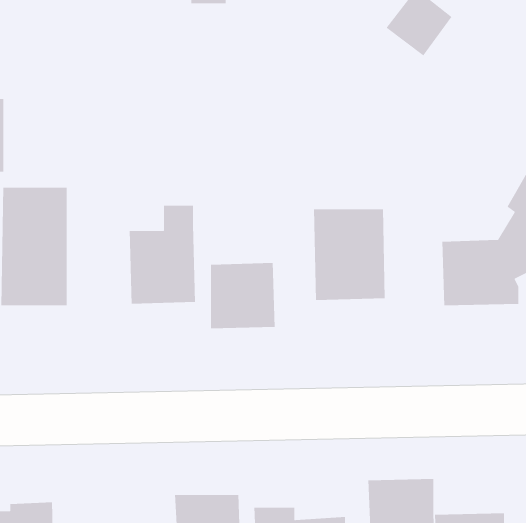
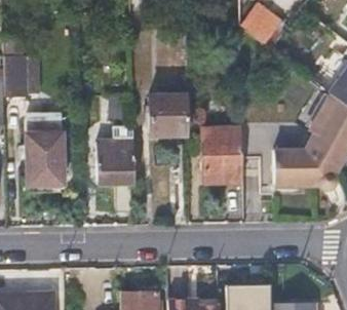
building: [210,262,275,329] -> [150,98,187,135]

